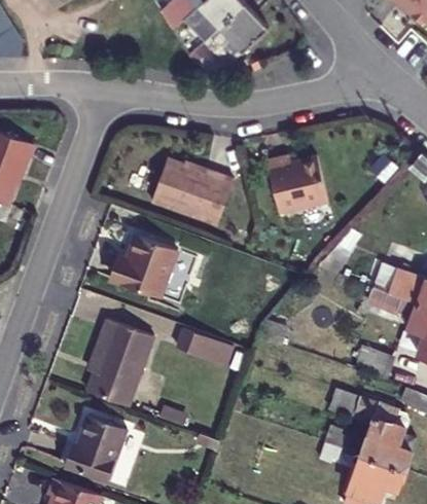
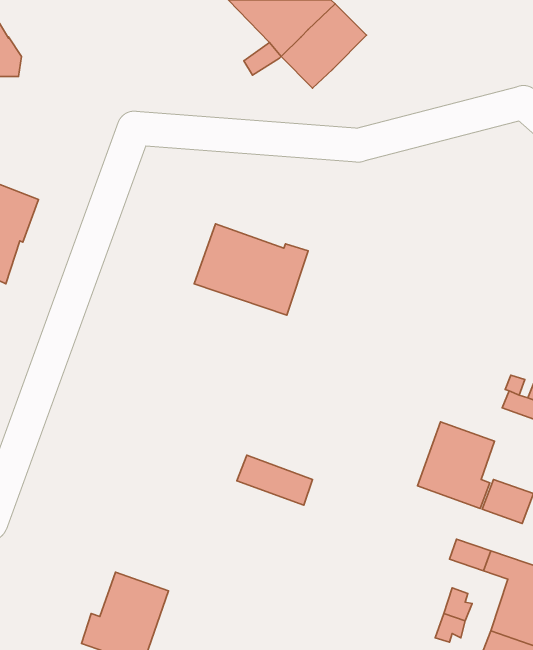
building: [265,158,325,215] -> none
building: [113,241,175,300] -> none
building: none -> [417,422,495,508]
building: [90,321,154,406] -> none

